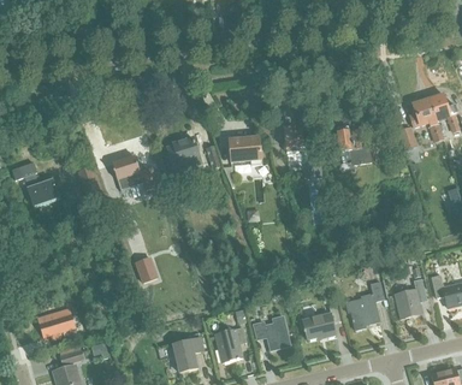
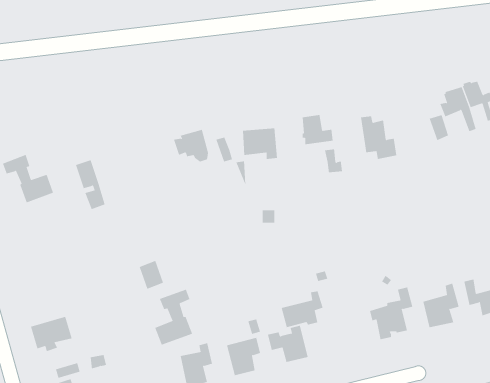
building: [111,155,159,190] -> none
building: none -> [154,289,193,346]
building: [301,304,339,338] -> [281,291,323,328]

